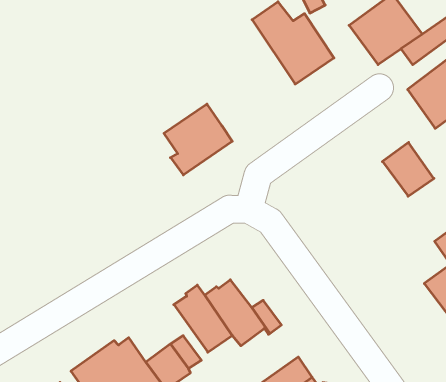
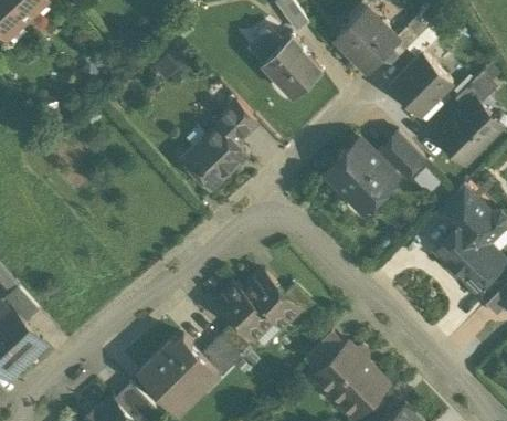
building: none -> [215,102,257,143]
building: none -> [327,141,397,208]

